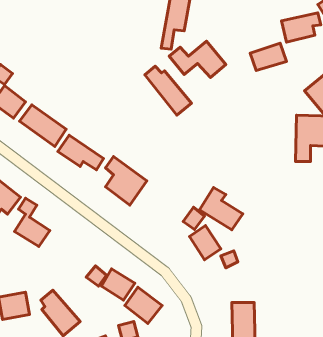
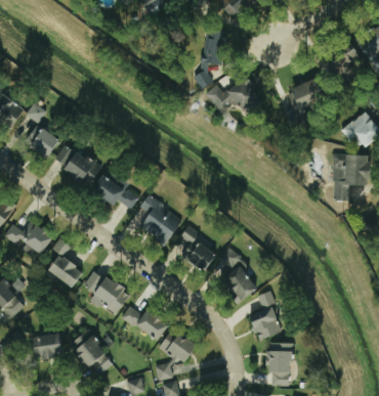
building: [145,66,191,115] -> none
building: [199,187,243,230] -> [173,226,217,269]
building: none -> [83,270,130,315]
building: none -> [250,307,282,341]

